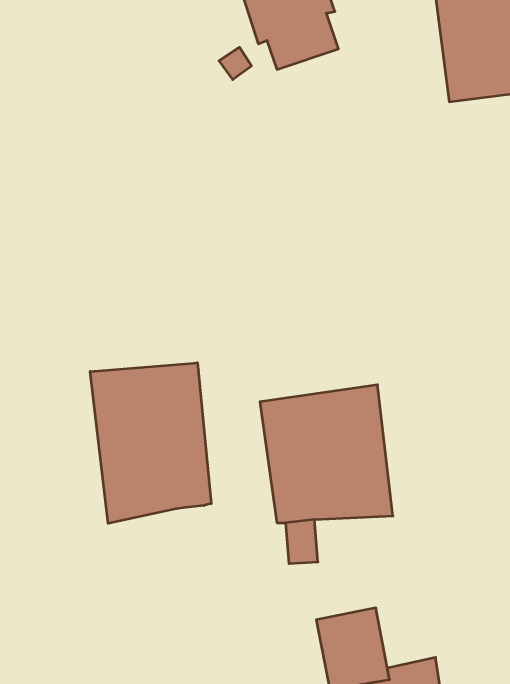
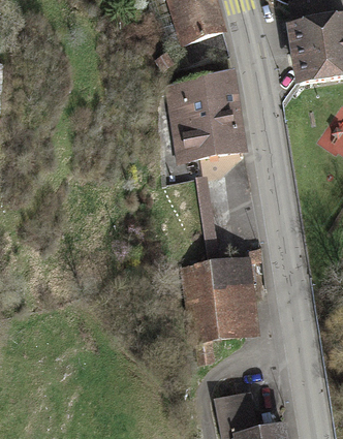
building: none -> [163,69,248,161]
building: [90,363,211,523] -> none

